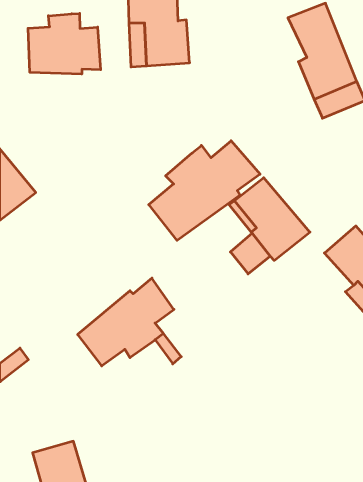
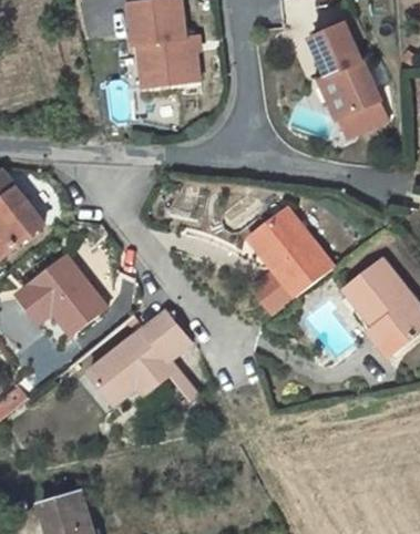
building: [28,13,101,74] -> none
building: [149,141,260,240] -> none
building: none -> [9,255,102,337]

